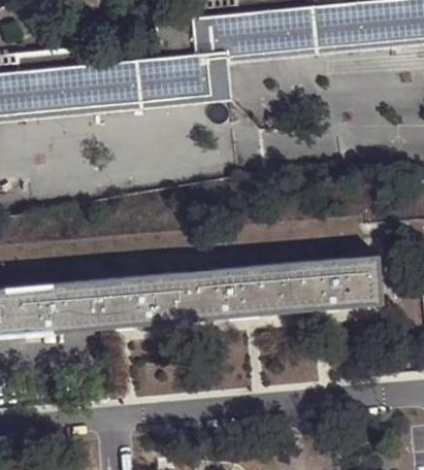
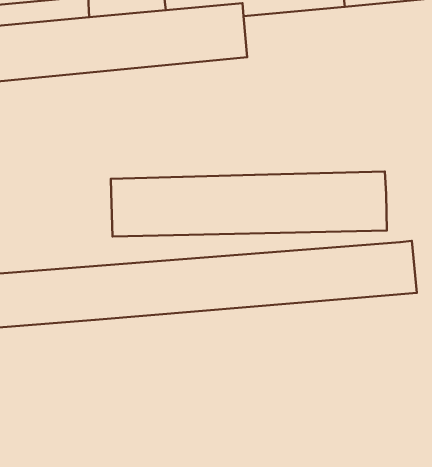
building: none -> [111,172,387,237]

